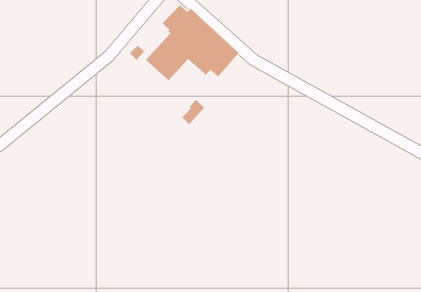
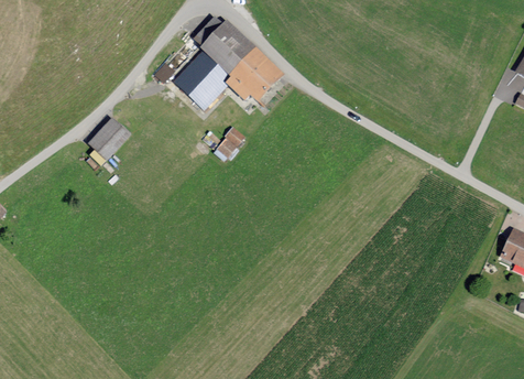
building: none -> [88,118,131,161]

